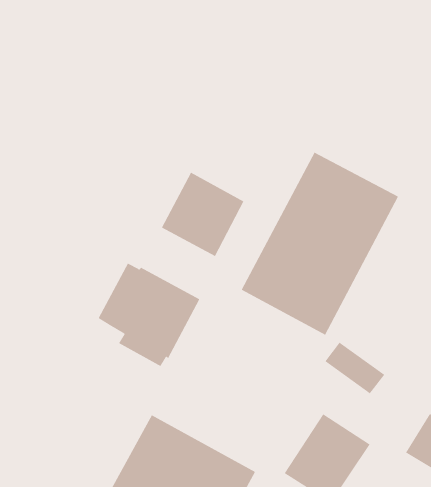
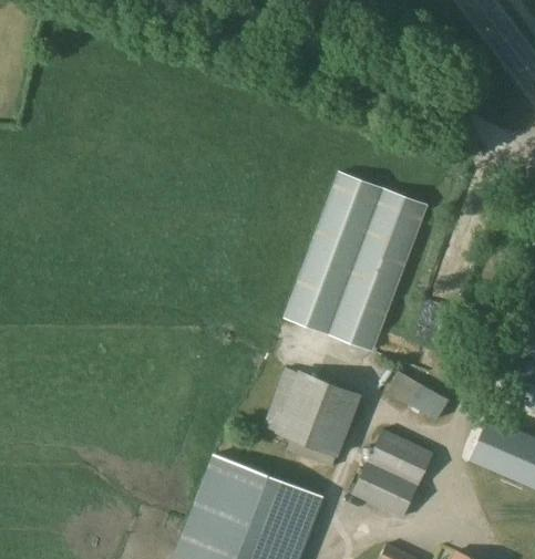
building: [161,172,244,257] -> none
building: [98,263,200,367] -> [263,369,361,467]

